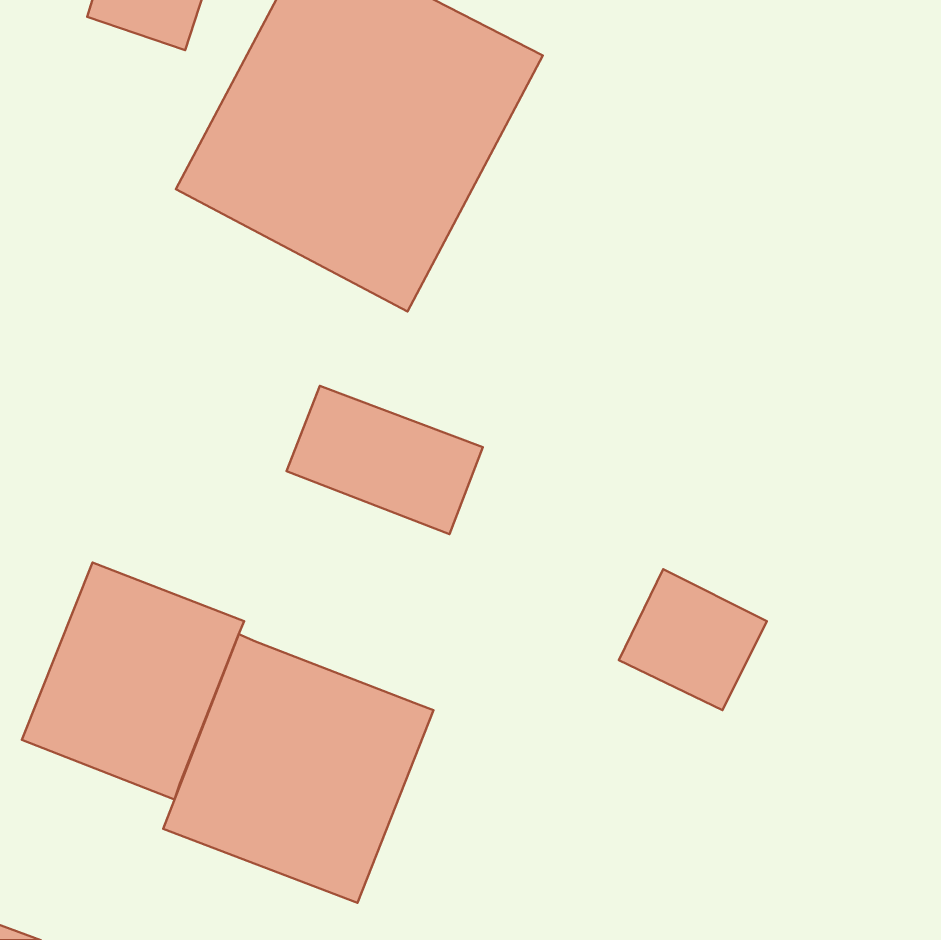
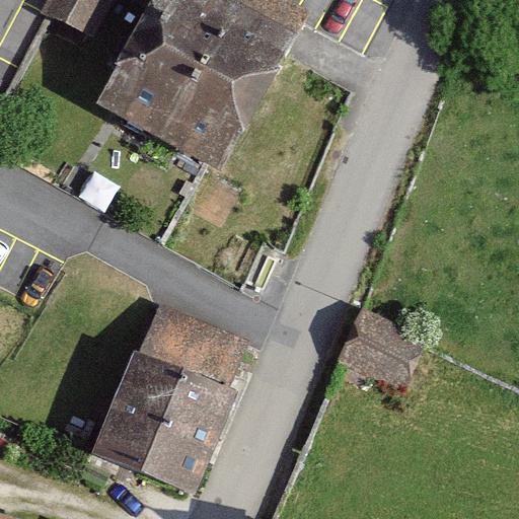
building: [287,386,483,534] -> [140,304,247,385]
building: [22,562,244,799] -> none

